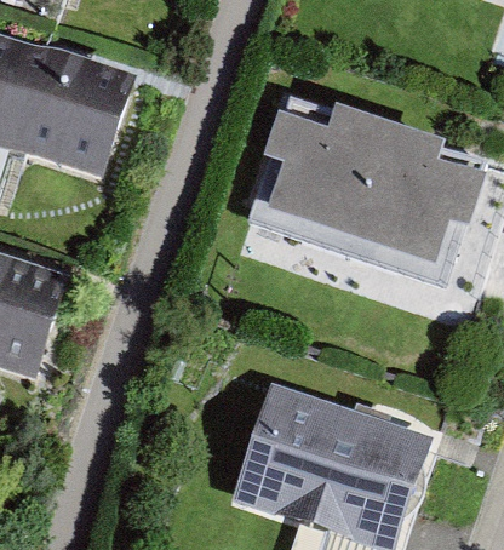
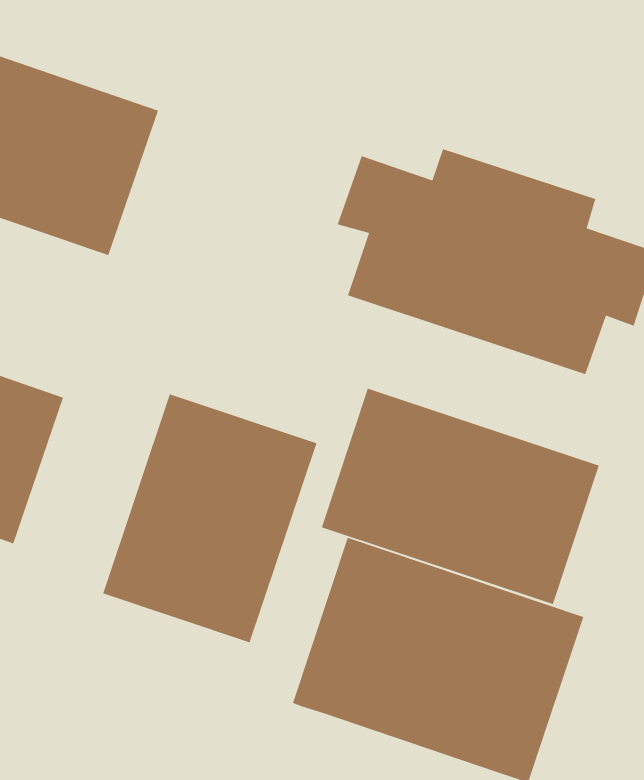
building: none -> [321,388,599,605]
building: none -> [102,393,317,643]

